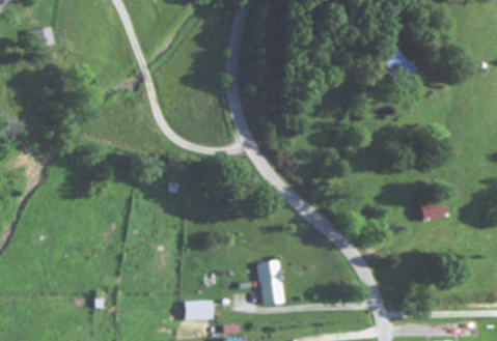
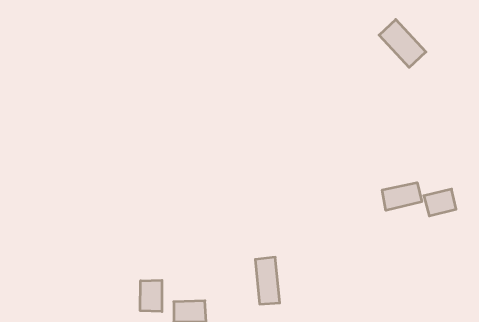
building: none -> [382,183,422,210]
building: none -> [140,280,162,312]

